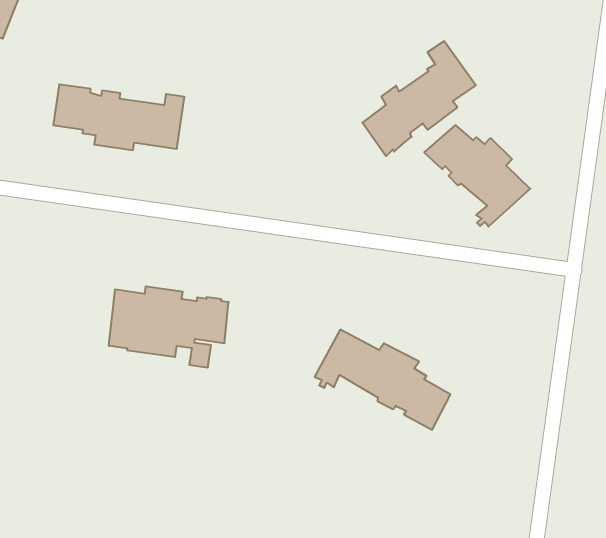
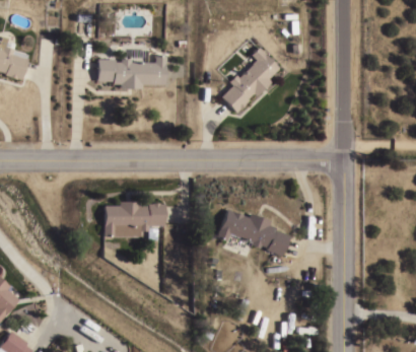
building: [53,84,184,150] -> [98,56,166,88]
building: [424,125,530,227] -> none

